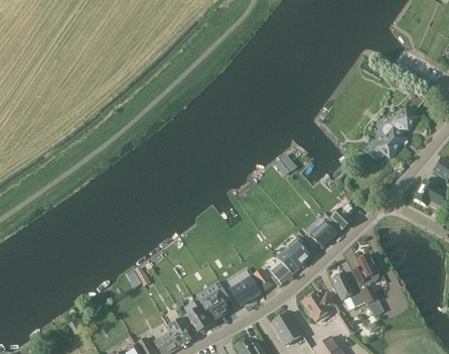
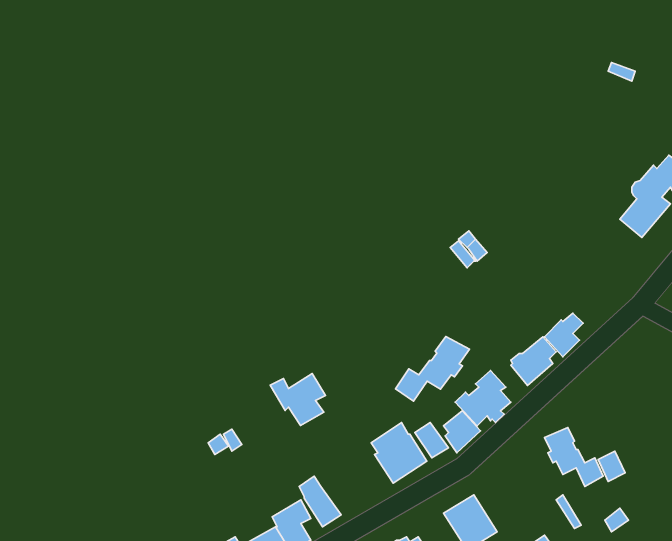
building: none -> [395,337,470,401]
building: [352,252,378,288] -> none
building: [196,286,230,318] -> [270,374,326,426]
building: [302,290,334,318] -> none

